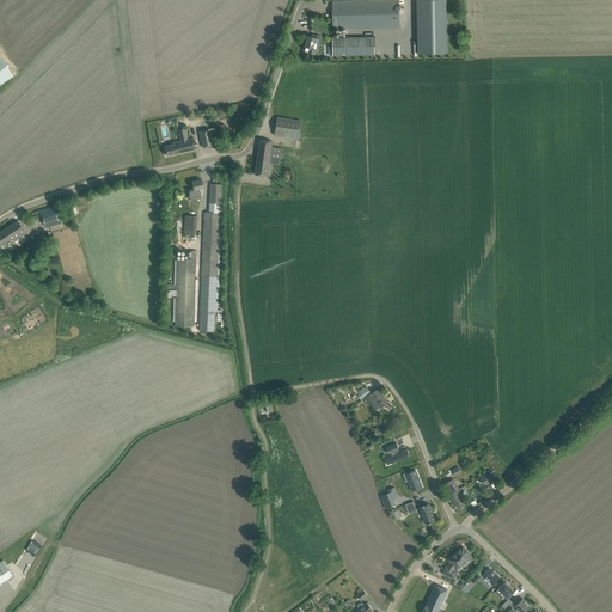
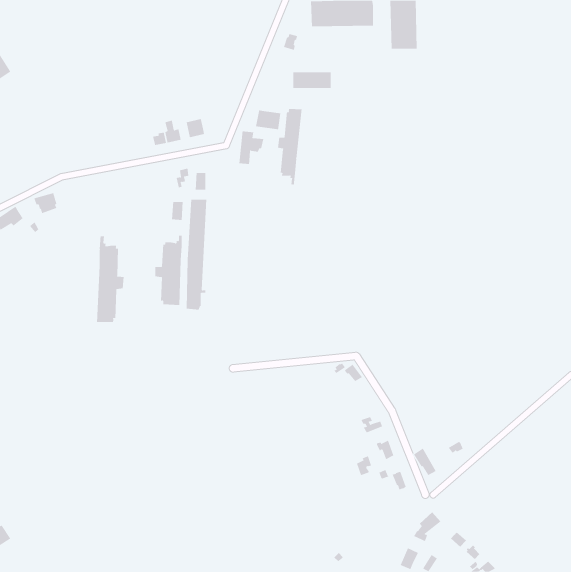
building: [332,37,374,55] -> [292,72,332,89]
building: none -> [278,108,302,185]
building: none -> [96,235,124,323]

